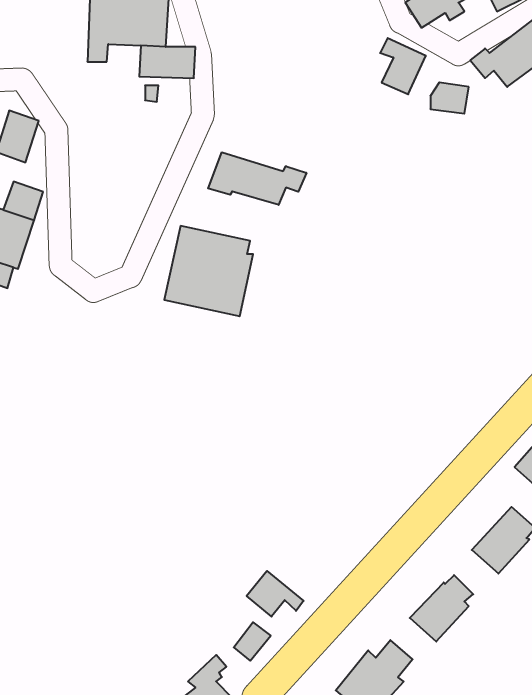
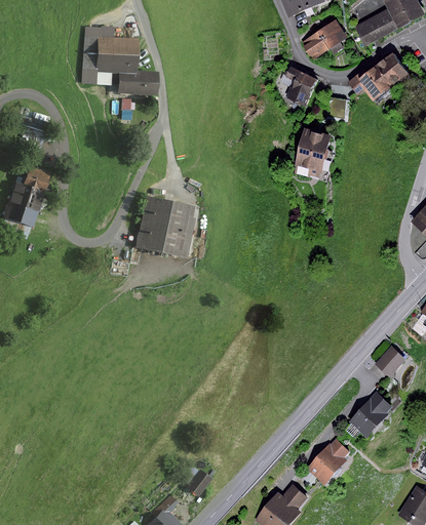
building: none -> [293,129,334,180]
building: [208,152,306,205] -> none
building: [247,571,304,617] -> none

